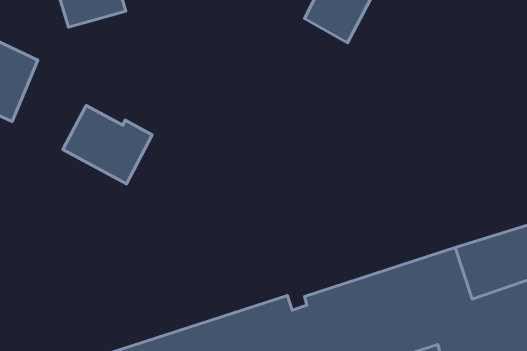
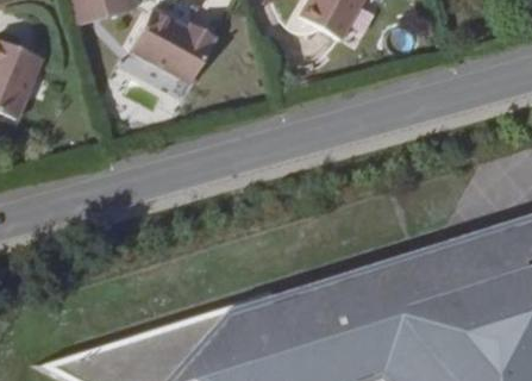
building: [63,106,152,184] -> [127,12,214,88]

